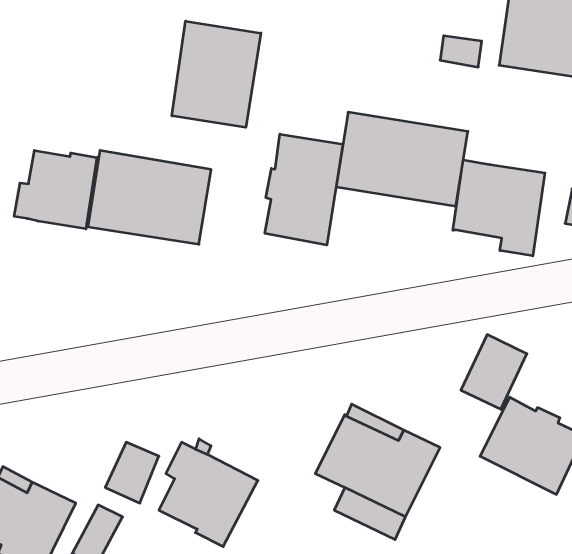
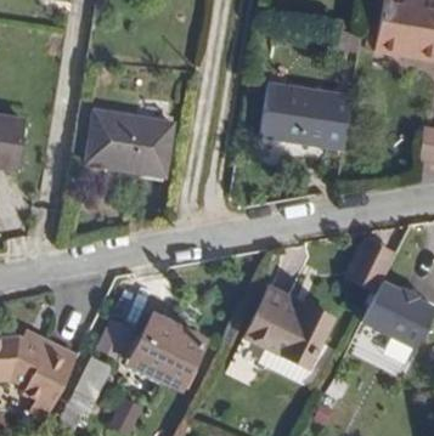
building: [172,21,261,127] -> none
building: [265,134,343,245] -> none
building: [14,150,97,229] -> none
building: [453,160,545,256] -> none

